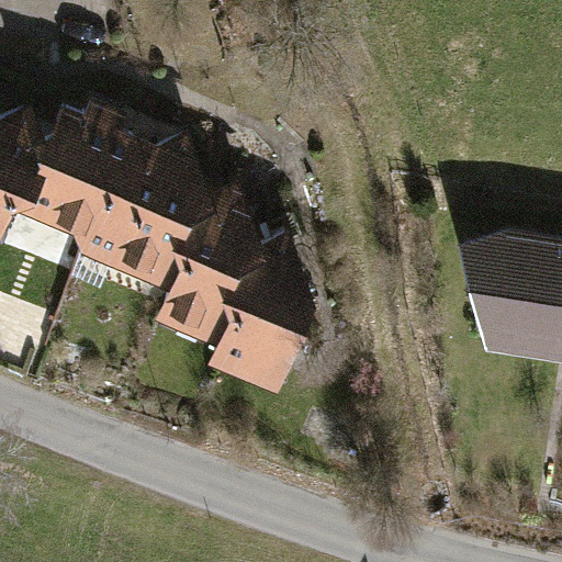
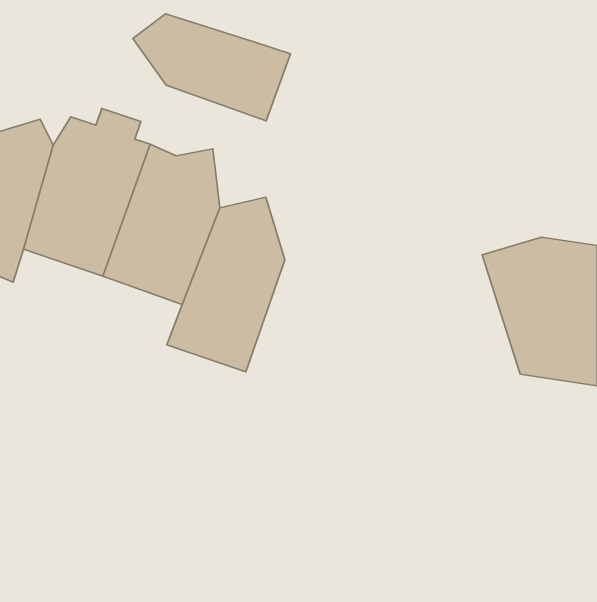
building: none -> [133,14,290,121]
building: [221,235,321,396] -> none

